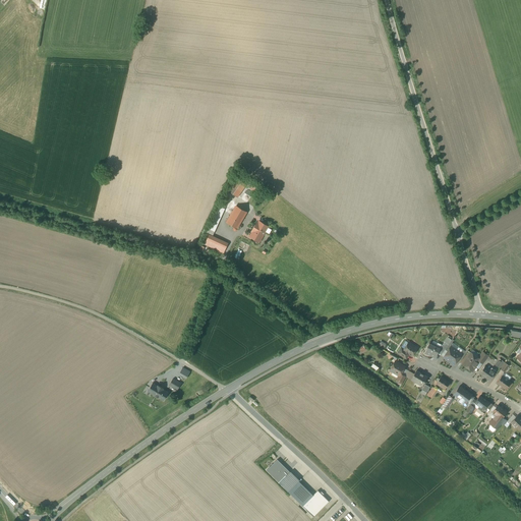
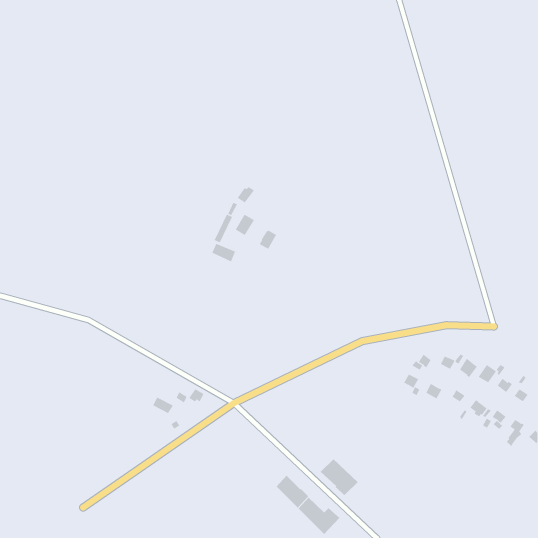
building: none -> [320,458,359,496]

